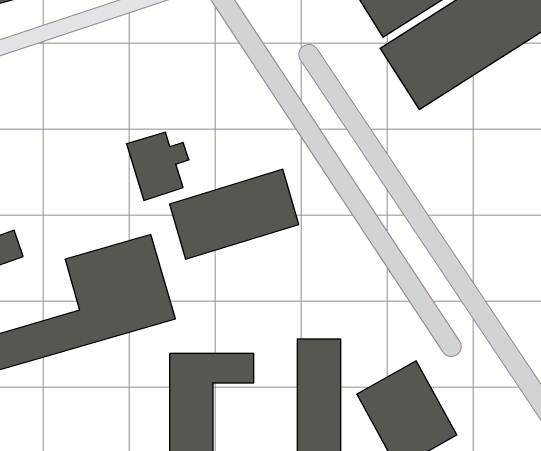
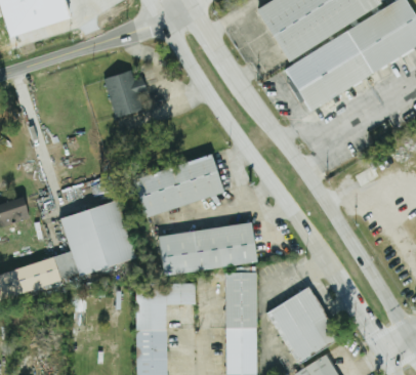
building: [126,132,189,200] -> [105,72,149,120]
building: none -> [160,222,260,276]

